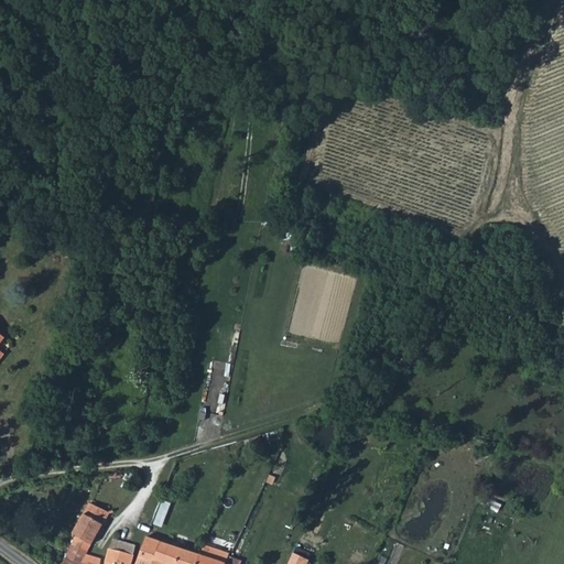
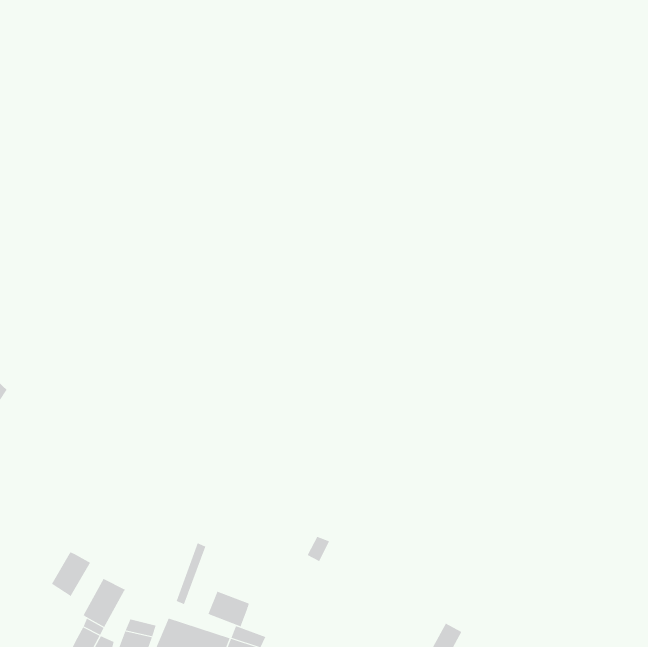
building: none -> [51,551,91,597]
building: none -> [207,591,249,627]

